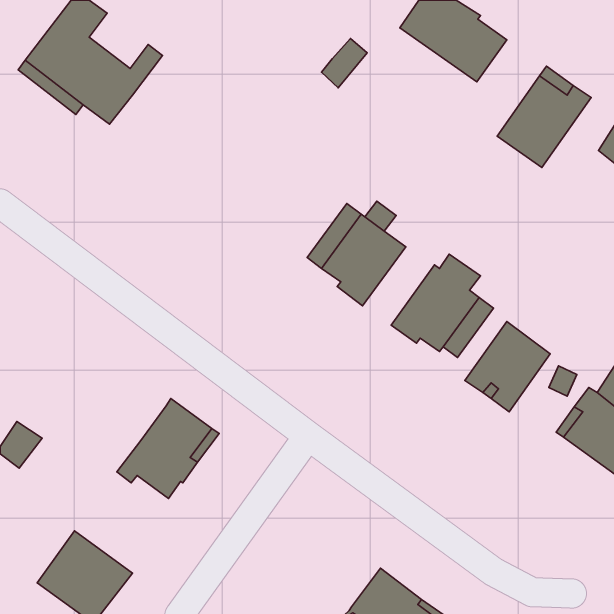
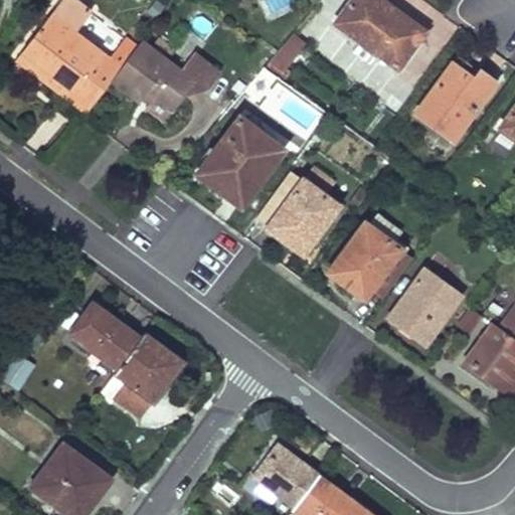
building: none -> [112,38,220,122]
building: none -> [196,118,284,208]
building: none -> [72,307,140,369]
building: none -> [253,445,319,508]

